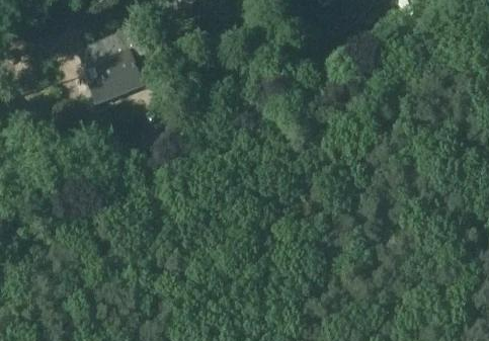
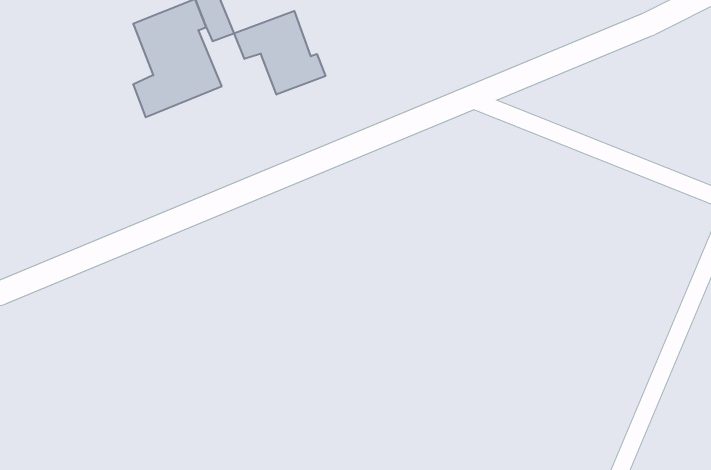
building: none -> [234,11,325,95]

